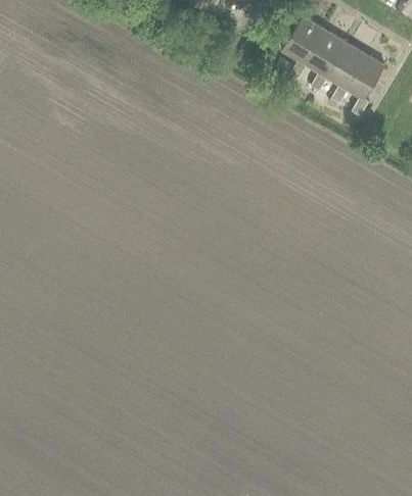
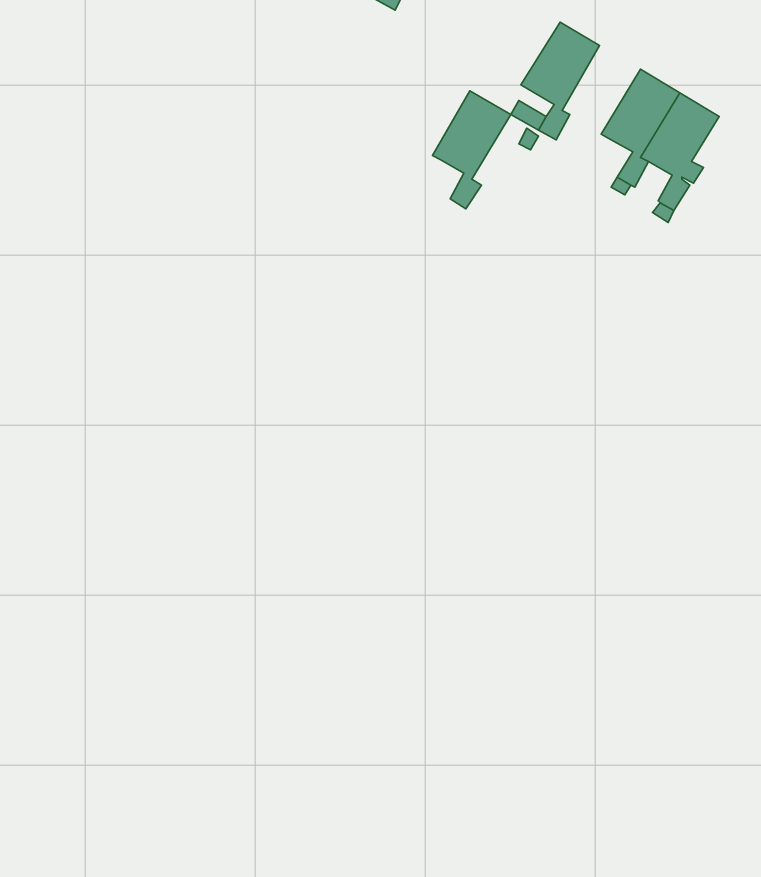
building: [303,28,344,89] -> [432,91,511,209]

